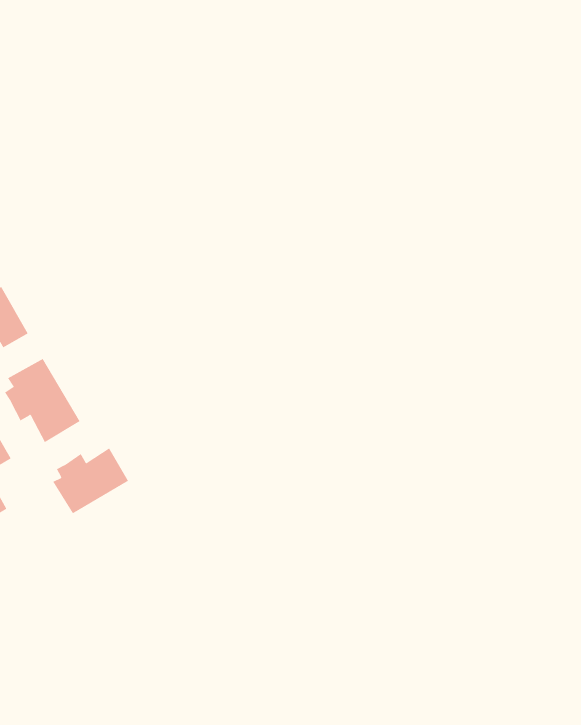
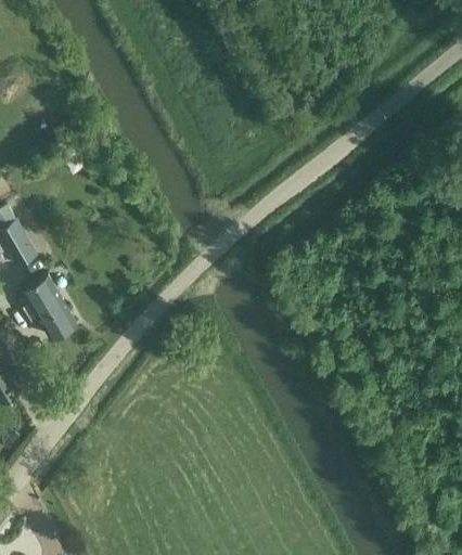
building: [53,447,129,514] -> none

